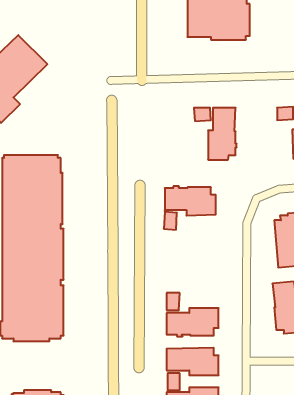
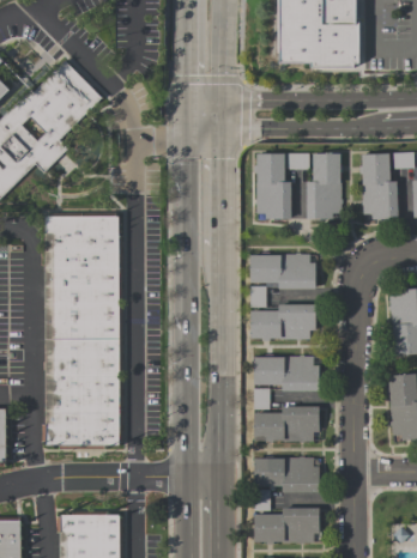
building: none -> [361,153,398,219]
building: none -> [254,154,291,219]
building: none -> [249,304,314,341]
building: none -> [253,356,319,392]

